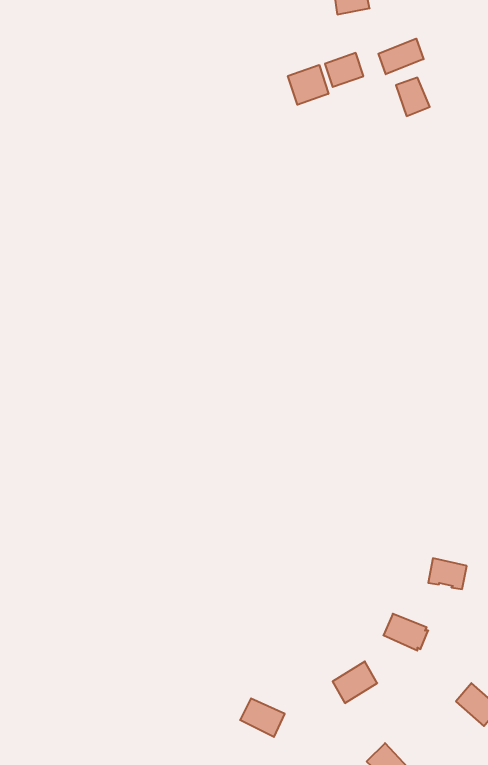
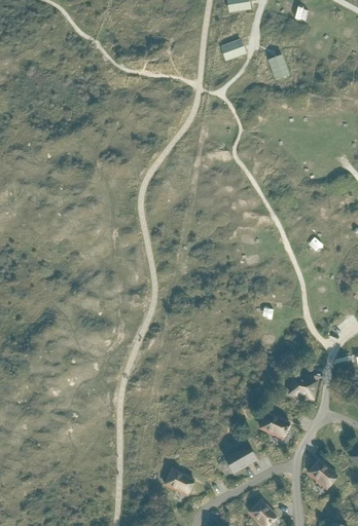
building: [378,39,424,74] -> none
building: [288,65,328,105] -> none

